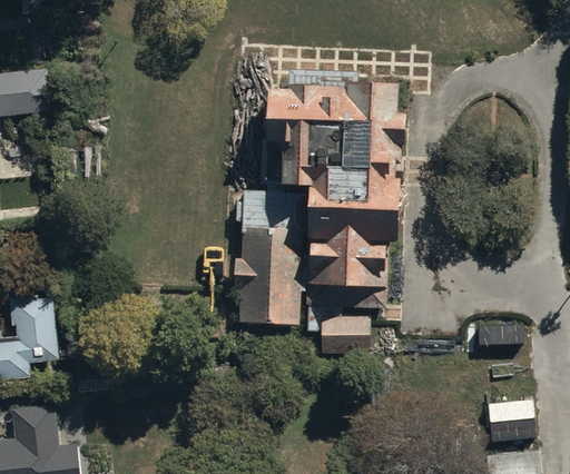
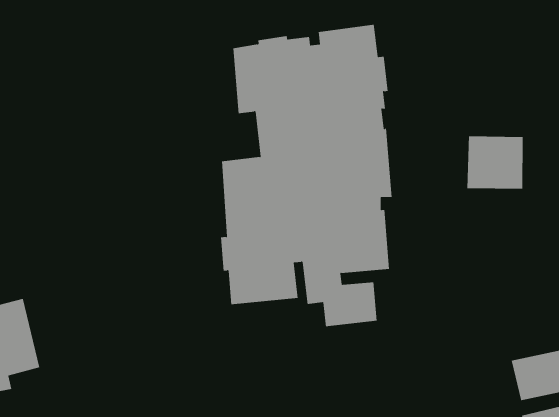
building: none -> [467,136,523,190]

